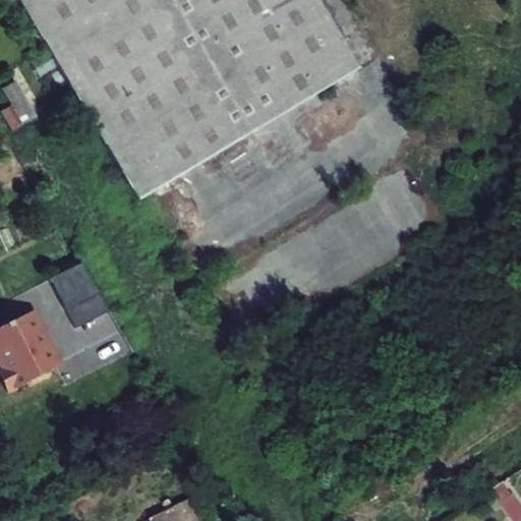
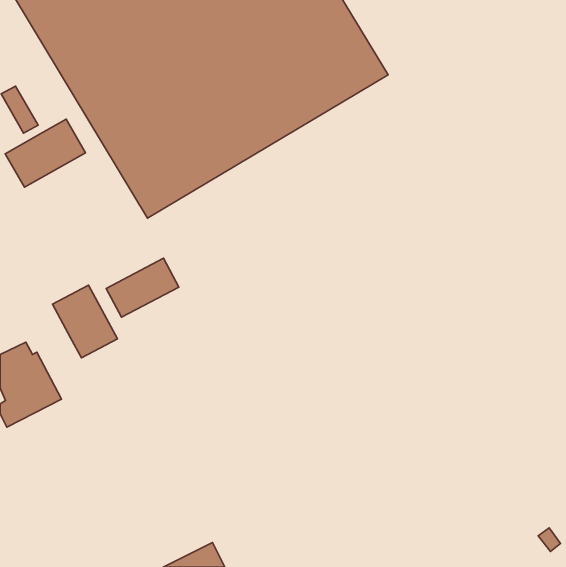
building: none -> [5,119,85,187]
building: none -> [106,258,179,317]

